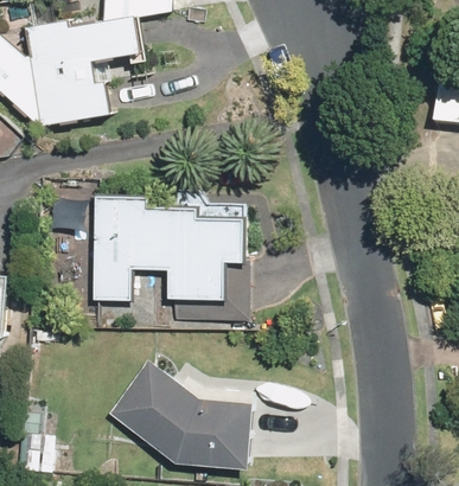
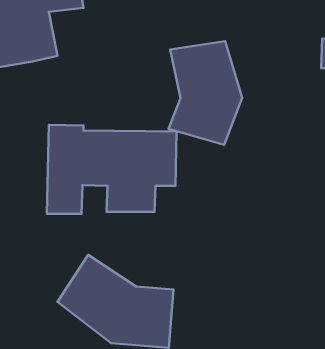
building: none -> [169,41,242,145]

